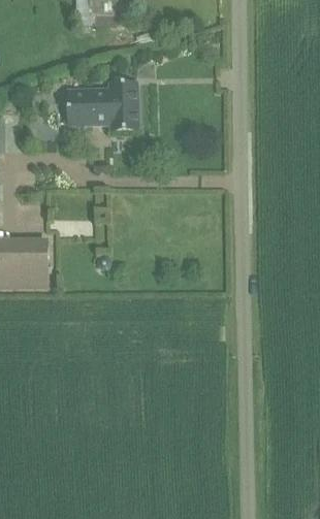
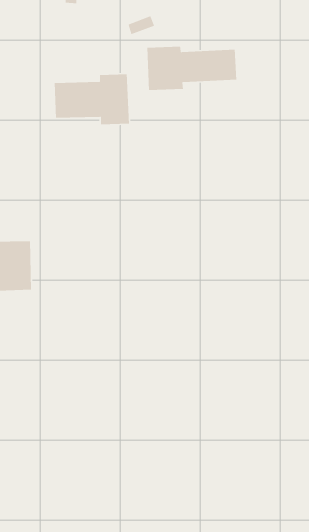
building: none -> [147,46,237,91]

